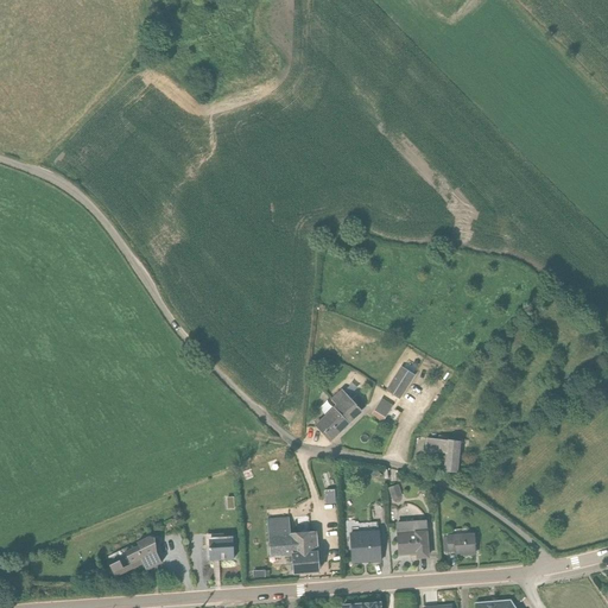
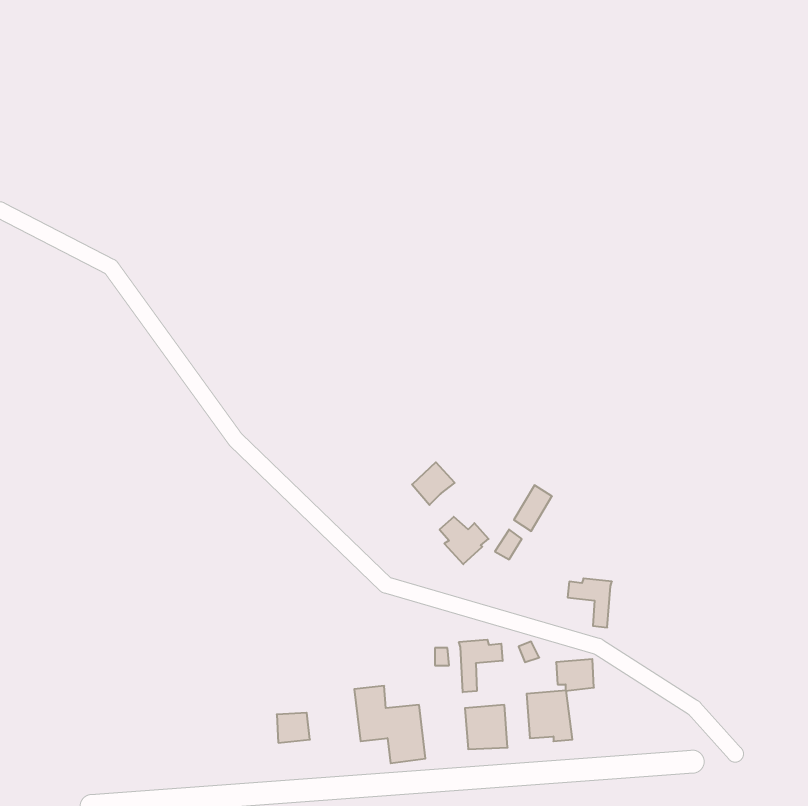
building: [316,408,348,441] -> [412,462,455,505]
building: none -> [459,640,503,692]
building: [446,532,475,556] -> [556,659,594,691]
building: [106,534,162,577] -> none

